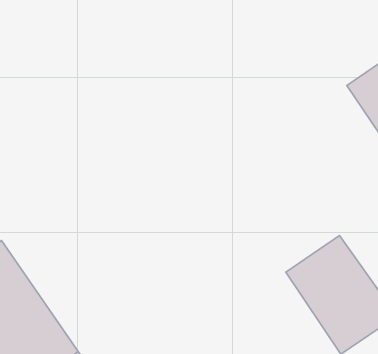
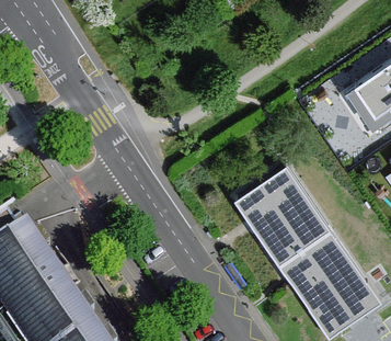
building: none -> [241,160,333,257]

